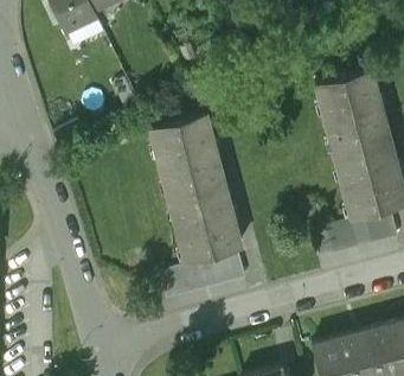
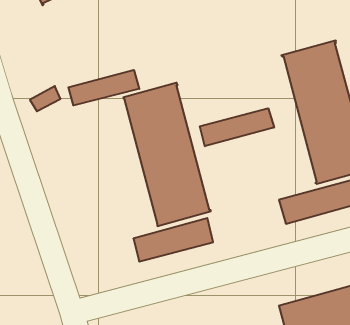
building: none -> [68,70,139,105]
building: none -> [200,108,274,146]

